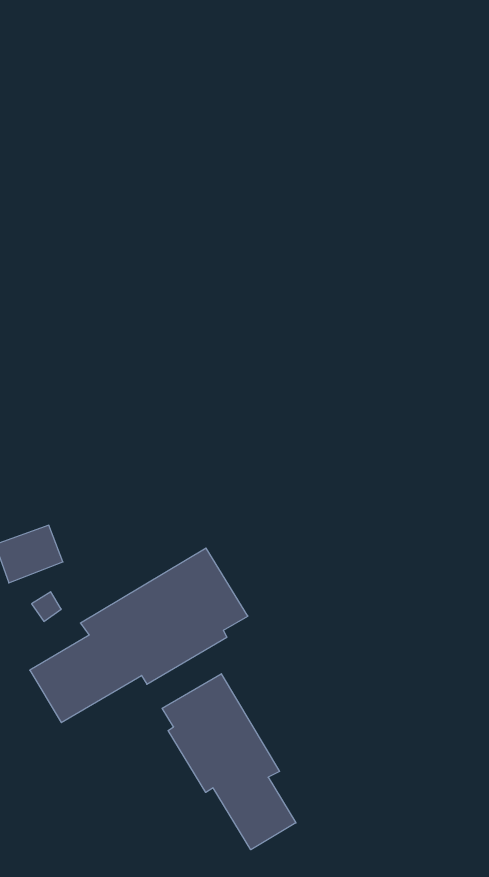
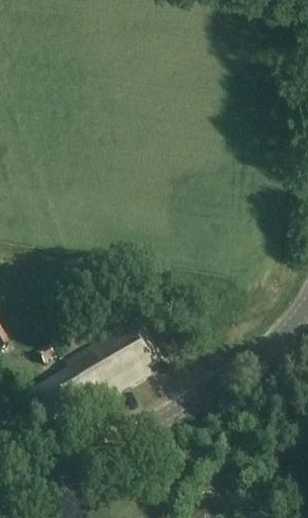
building: [162,674,296,850] -> none

